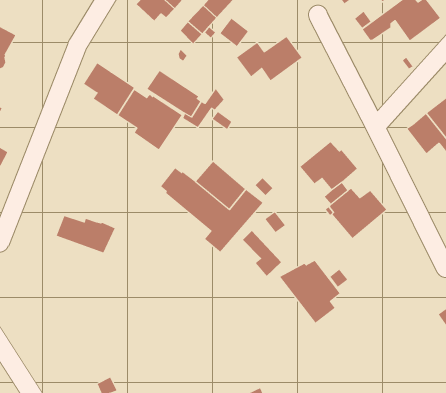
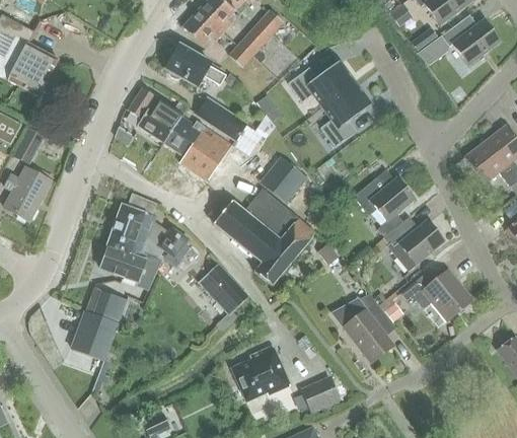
building: none -> [165,45,224,85]
building: none -> [320,82,371,147]
building: none -> [267,162,306,203]
building: none -> [106,193,191,269]
building: [242,230,282,277] -> [205,265,246,313]
building: none -> [400,270,471,320]
building: none -> [72,288,126,360]
building: none -> [231,346,289,400]
building: none -> [300,375,340,413]

